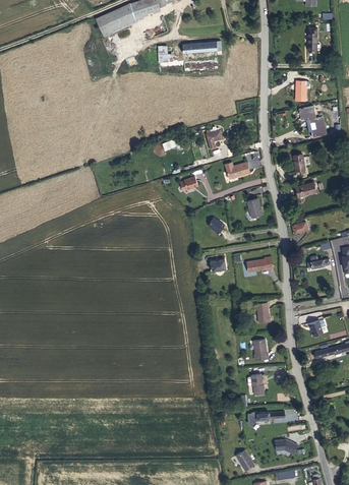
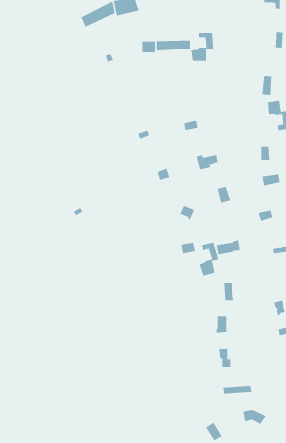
building: none -> [191,32,214,61]
building: none -> [199,242,219,276]

